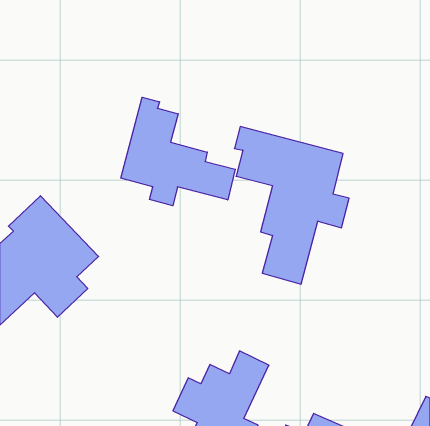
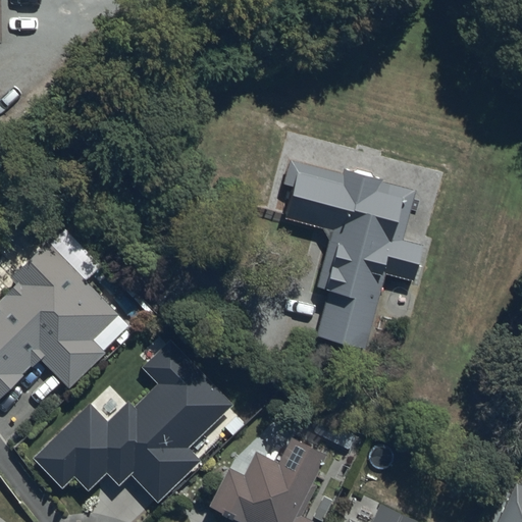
building: [121,97,235,206] -> none
building: none -> [33,342,231,503]

